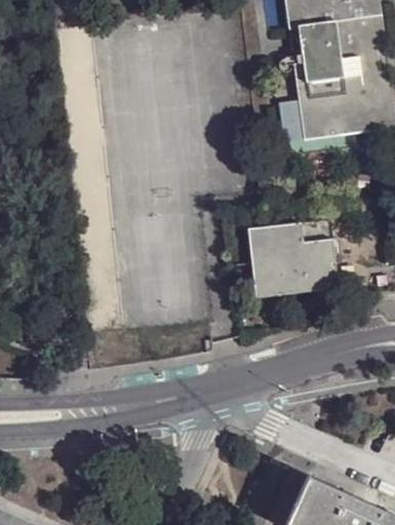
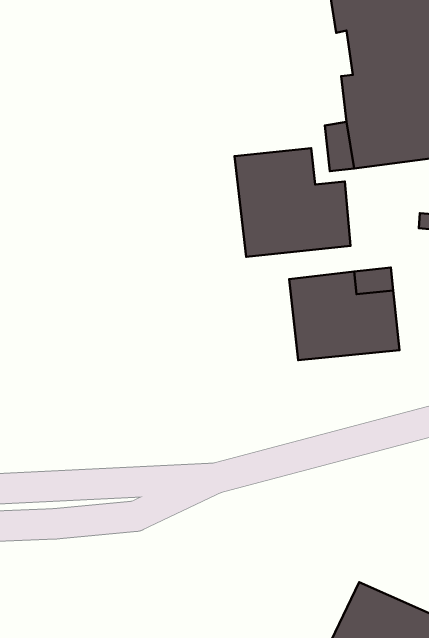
building: none -> [235,148,351,257]

